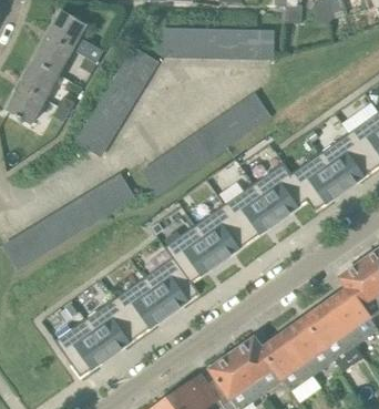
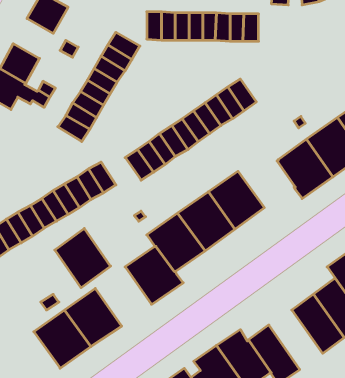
building: [34,34,73,73] -> none
building: [253,162,308,218] -> none
building: [114,276,168,334] -> [55,228,111,288]
building: [283,318,335,376] -> none

